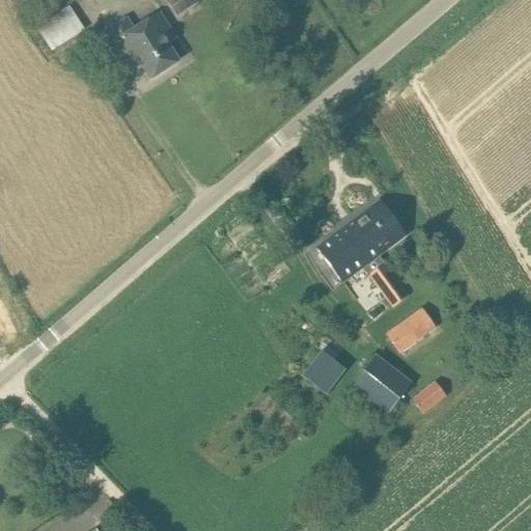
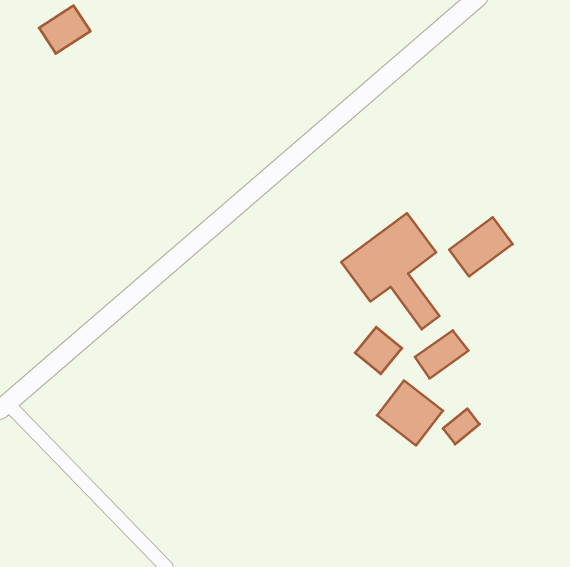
building: [103,11,178,78] -> none
building: none -> [449,217,513,276]
building: [302,348,345,392] -> [355,327,402,374]

